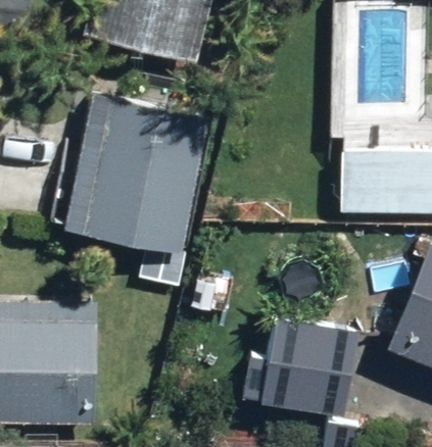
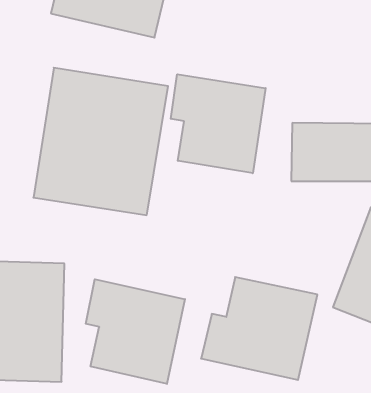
building: none -> [171,74,266,173]
building: none -> [86,279,185,384]

